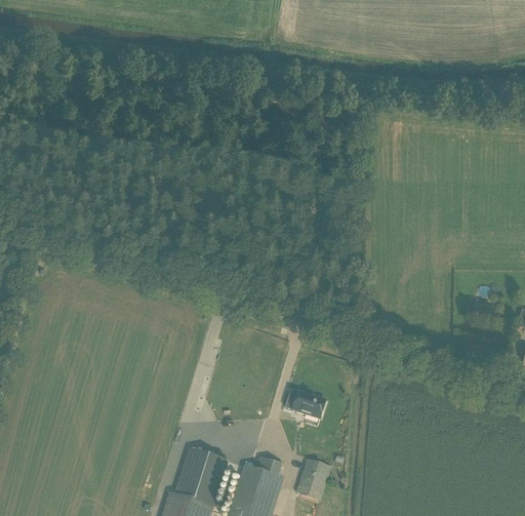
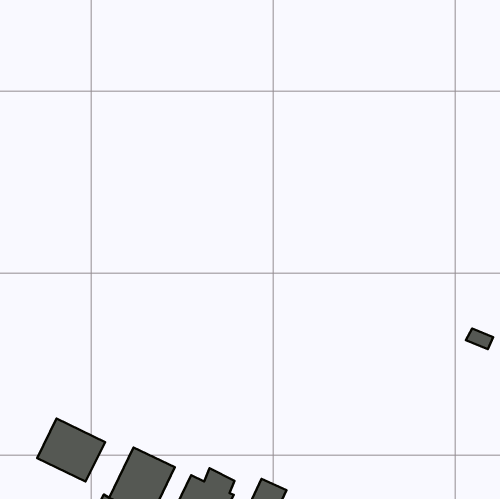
building: [284,389,324,419] -> none
building: none -> [37,419,105,482]

